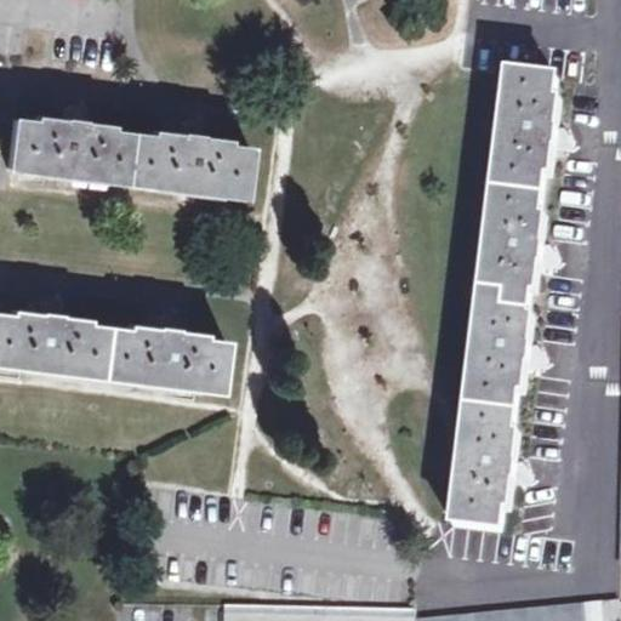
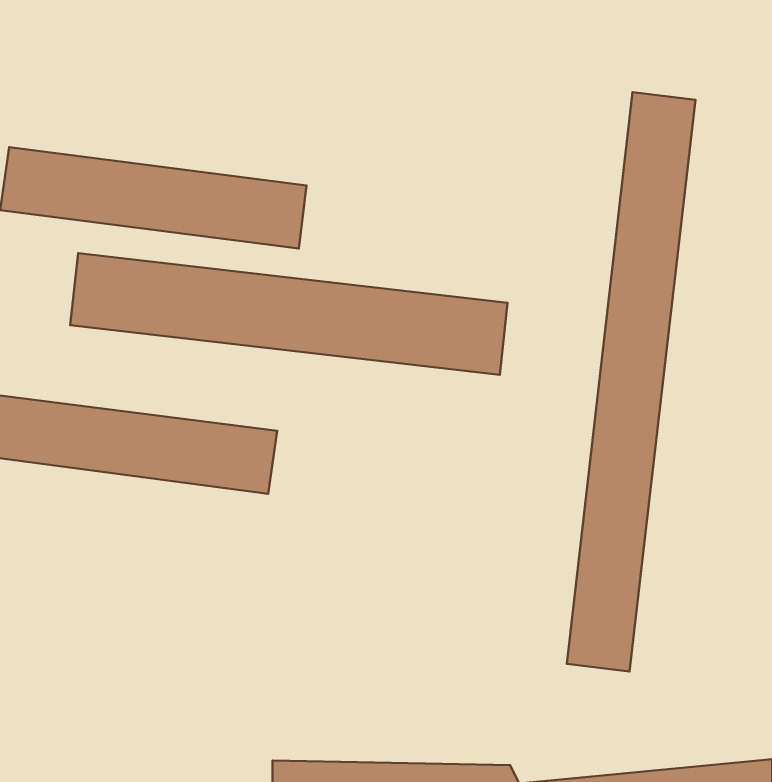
building: none -> [70,253,508,375]

